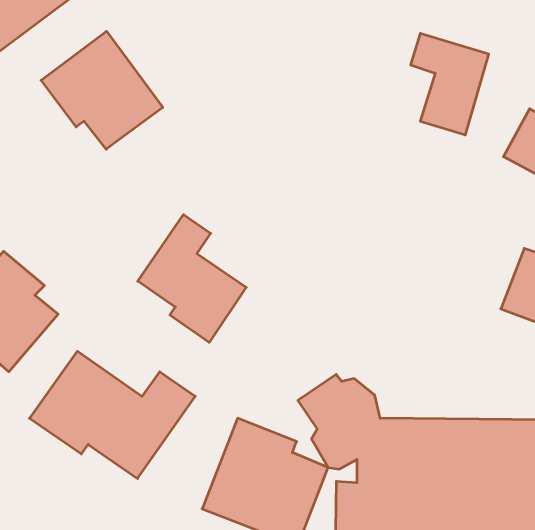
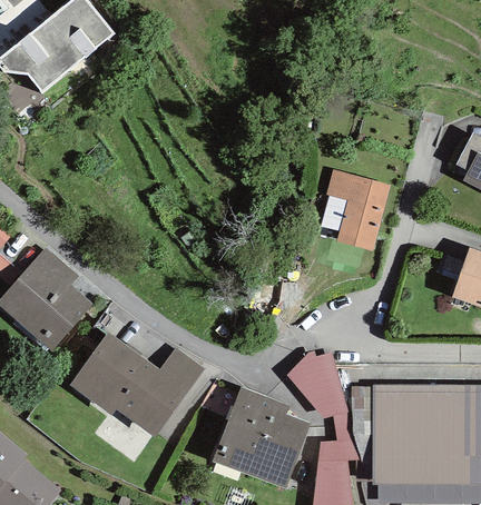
building: [41,31,163,149] -> none
building: [411,33,489,135] -> [326,170,390,252]
building: [138,215,246,342] -> none

